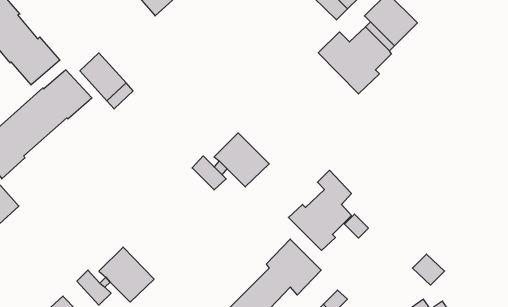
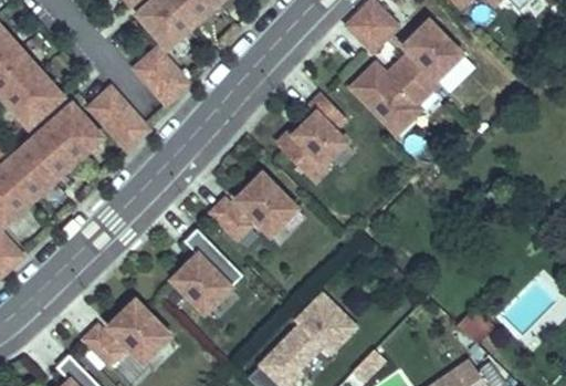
building: none -> [134,46,188,103]
building: [288,170,351,250] -> [275,92,345,180]
building: none -> [174,229,243,312]

